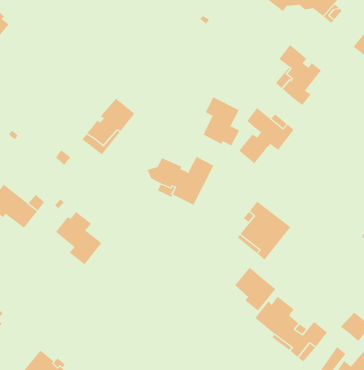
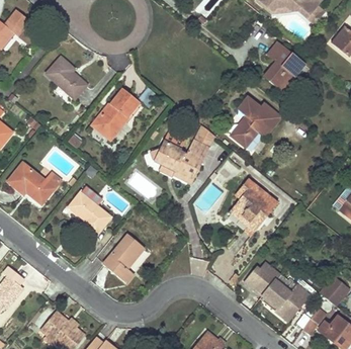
building: none -> [46,57,87,98]
building: [203,96,240,146] -> none
building: none -> [103,234,144,283]
building: [234,267,276,311] -> none

